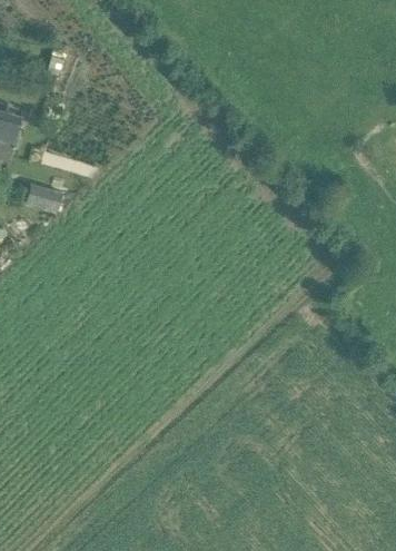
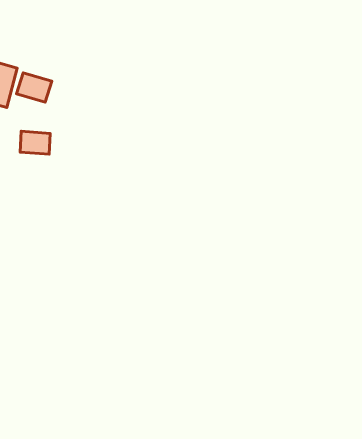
building: none -> [17,73,52,102]

